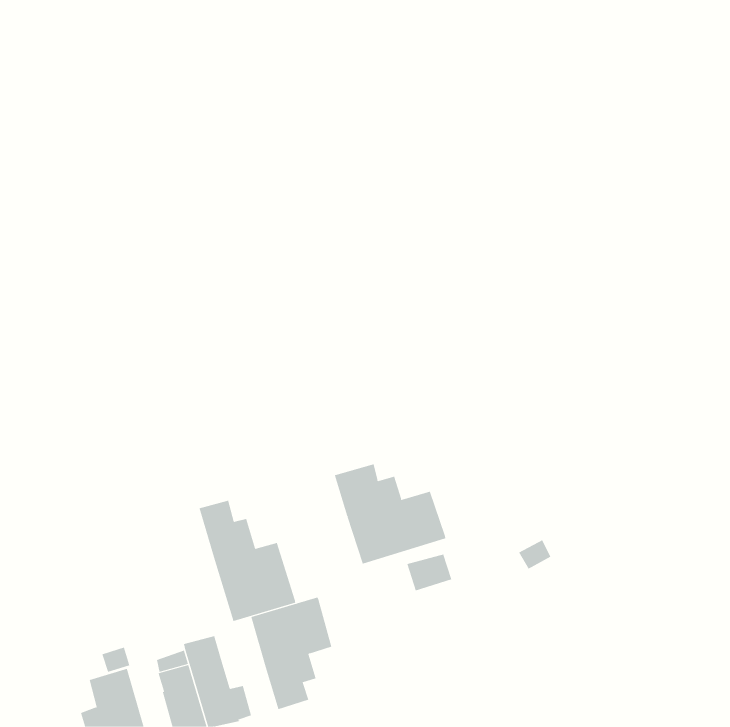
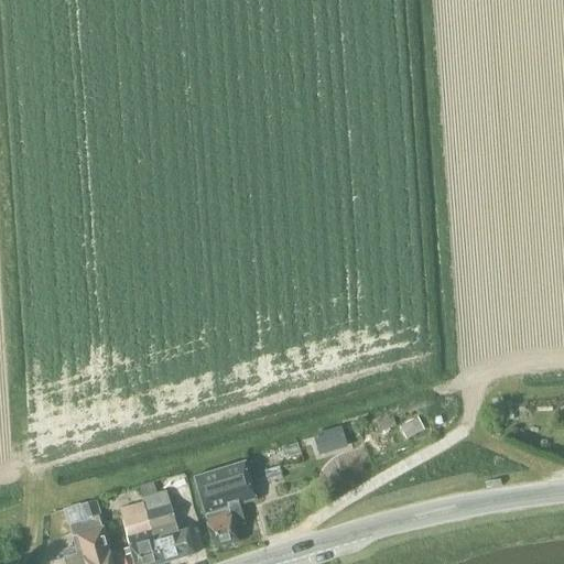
building: [334,463,446,564] -> none
building: [199,500,296,622] -> none

